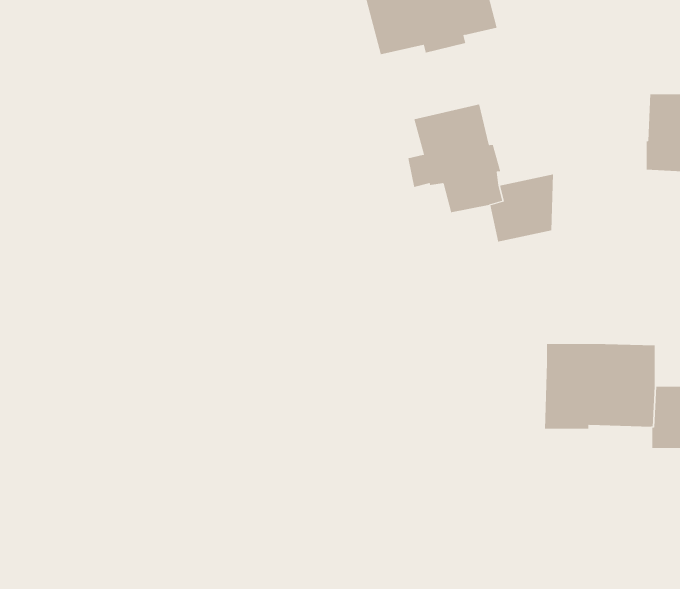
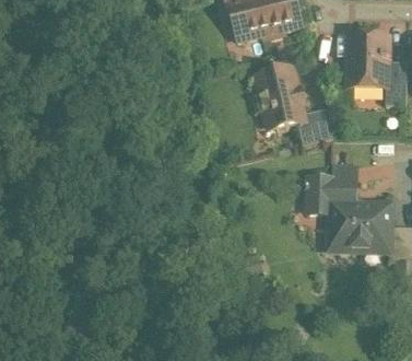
building: none -> [348,37,388,89]
building: none -> [306,178,356,213]

